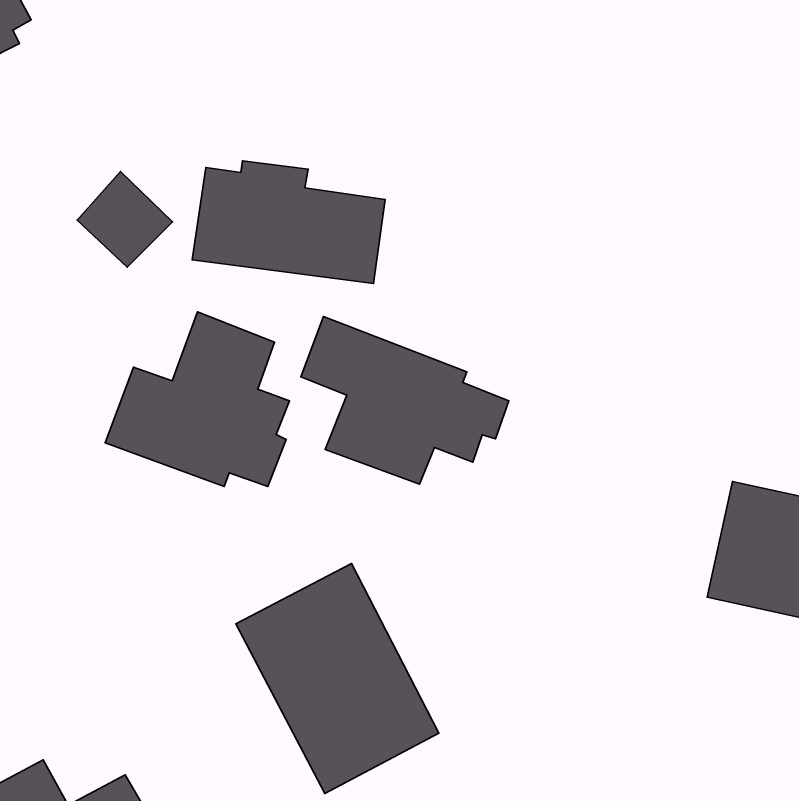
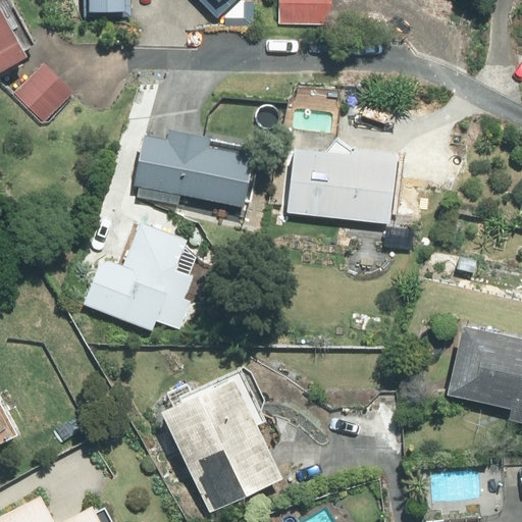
building: [77,171,173,267] -> [19,62,77,120]
building: none -> [288,147,399,223]
building: [301,316,509,484] -> none

